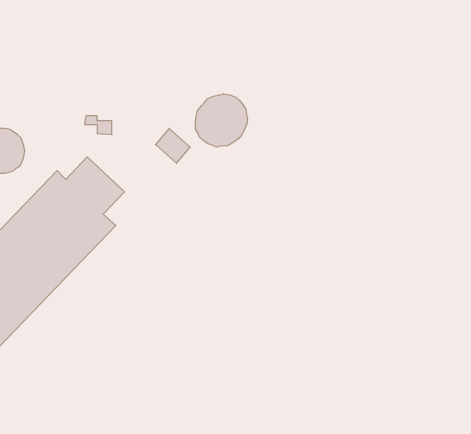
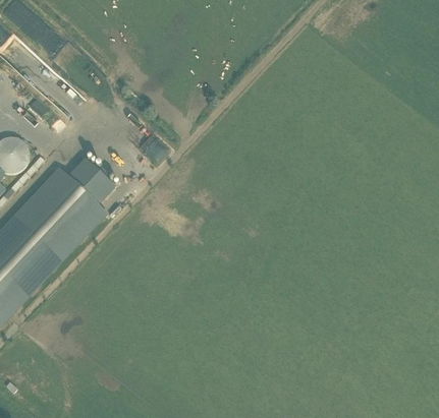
building: [195,94,247,147] -> none

